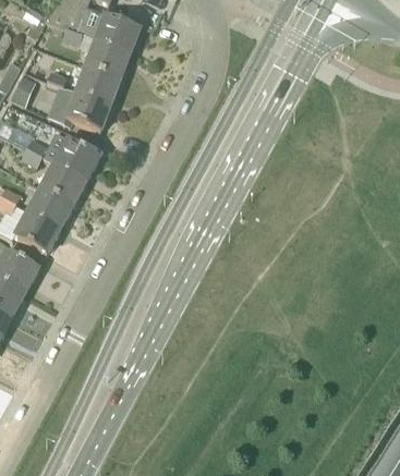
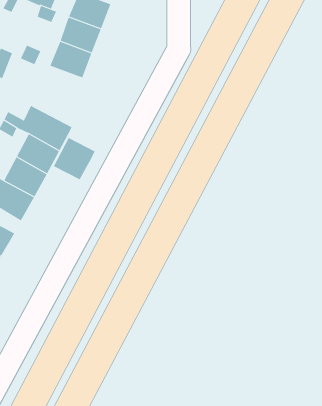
building: [65,91,110,132] -> none
building: none -> [53,137,96,180]

